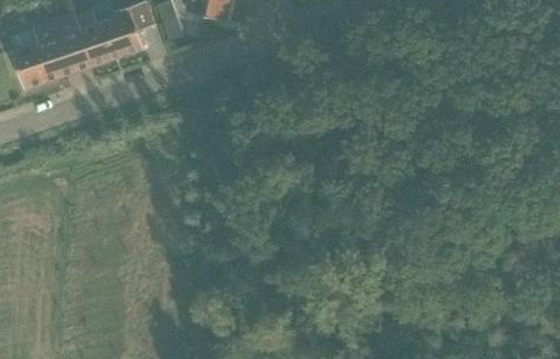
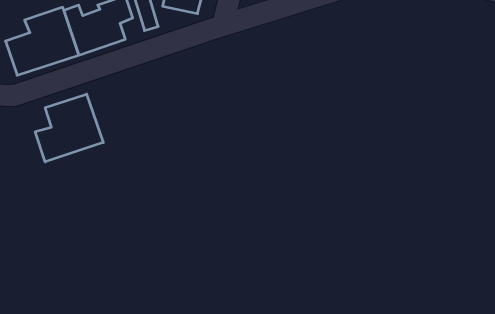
building: none -> [35,94,103,162]

